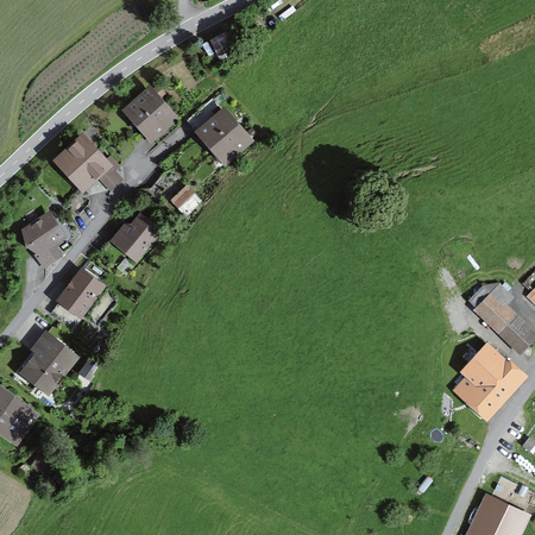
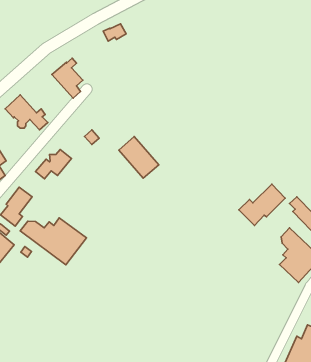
building: [188,99,246,159] -> [119,136,159,178]
building: none -> [239,184,285,225]
building: none -> [20,218,86,265]

